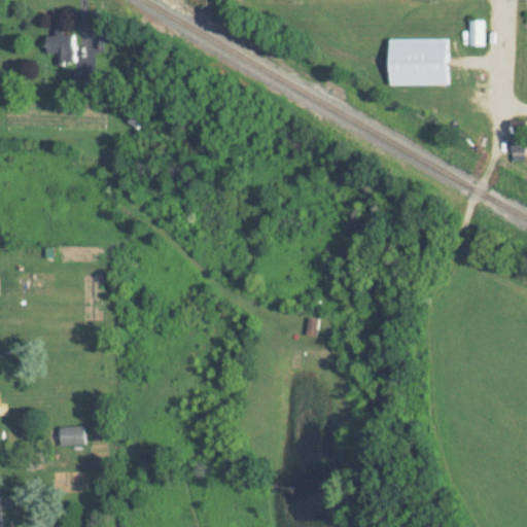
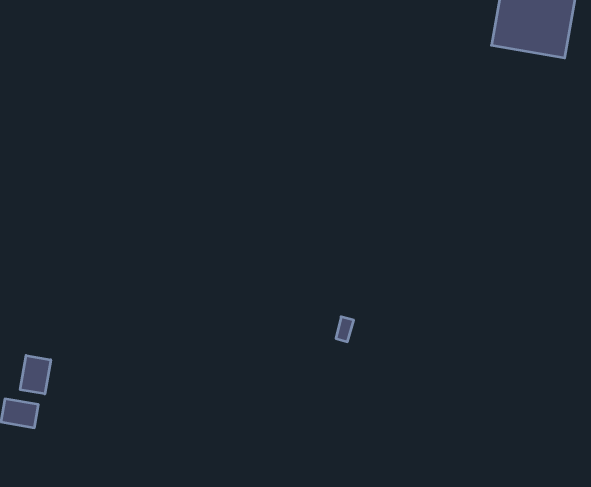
building: none -> [20,355,51,394]

